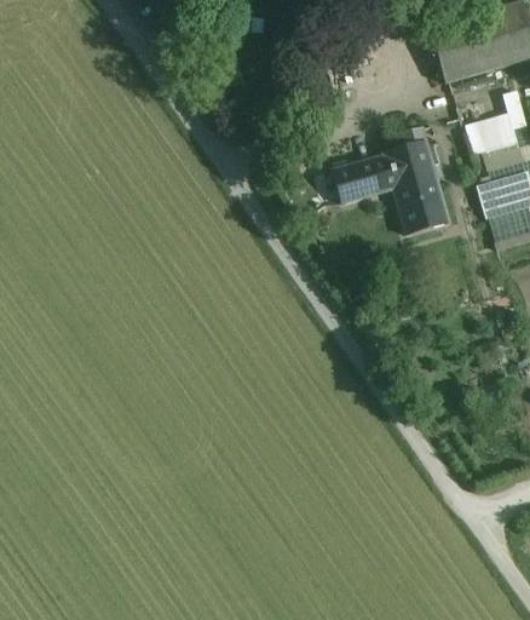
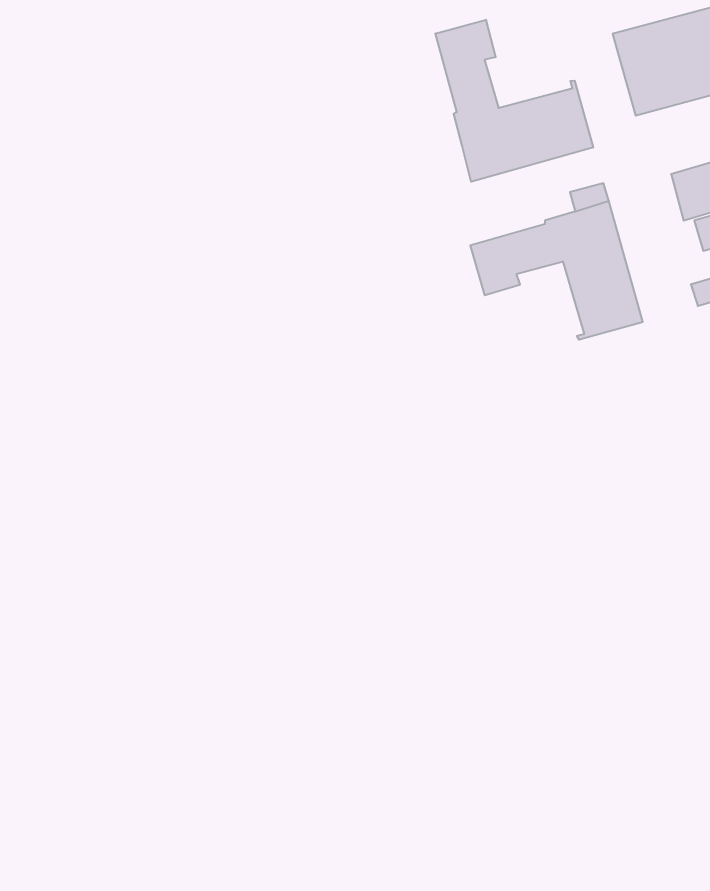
building: none -> [435,20,593,182]

